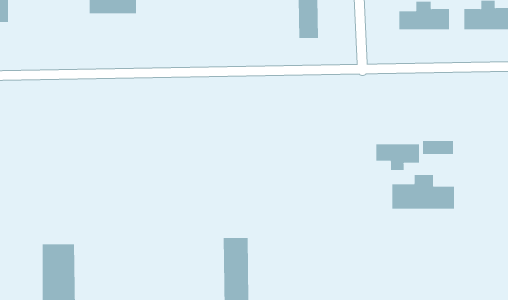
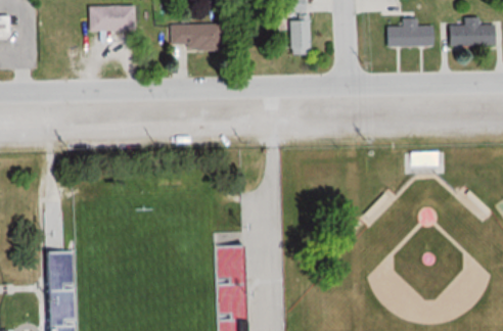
building: none -> [172,25,223,51]
building: [376,143,420,171] -> none
building: [392,174,454,209] -> none

